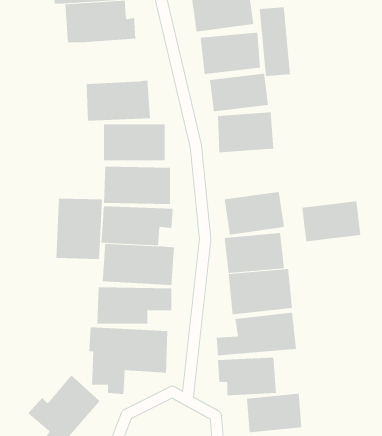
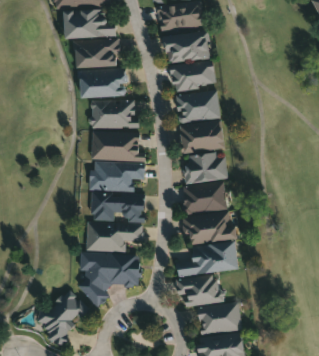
building: [259,6,290,77] -> none
building: none -> [74,37,118,71]
building: [56,198,102,260] -> none
building: [301,201,361,242] -> [179,123,224,154]

